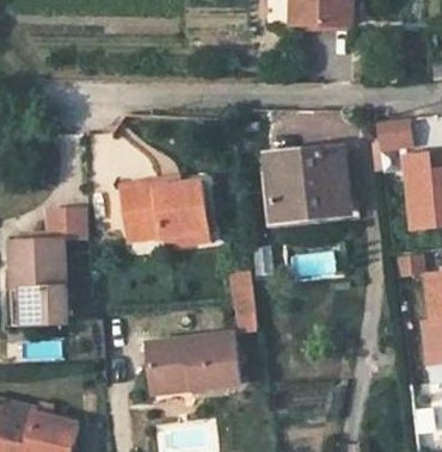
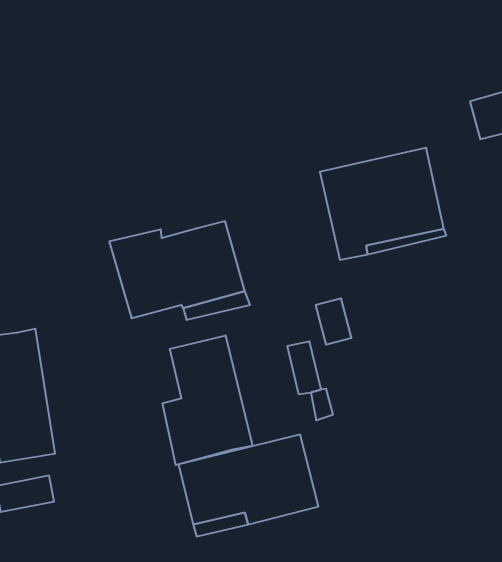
building: [49,210,88,240] -> none
building: none -> [163,335,253,465]

